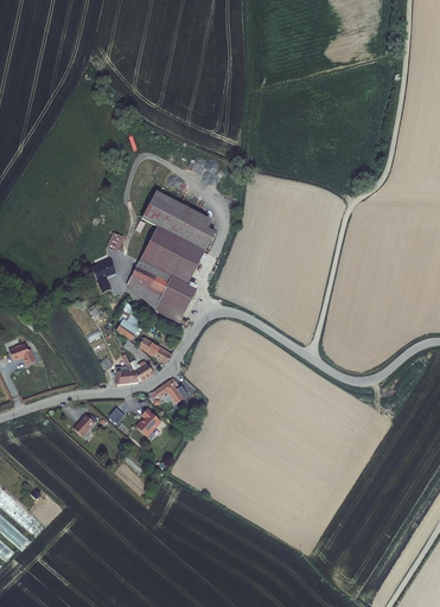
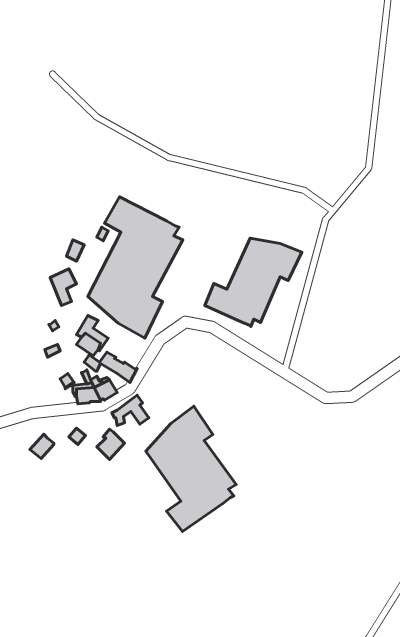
building: none -> [205,238,302,327]
building: none -> [146,406,236,532]

